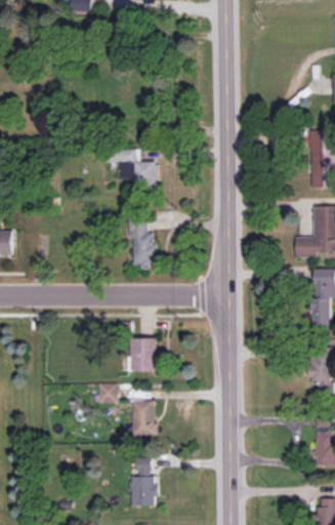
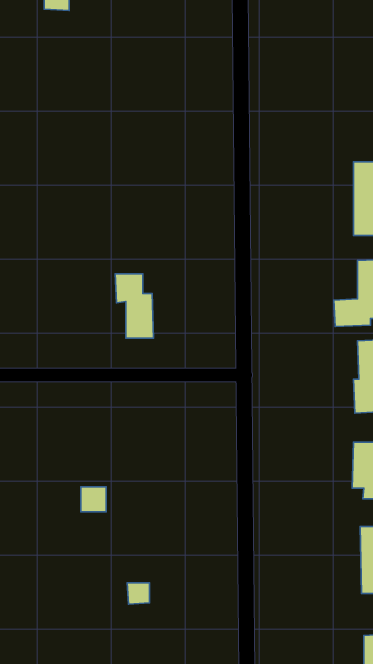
building: [108,151,158,186] -> none
building: [131,338,157,372] -> none
building: [131,401,155,436] -> none
building: [130,477,156,507] -> none

